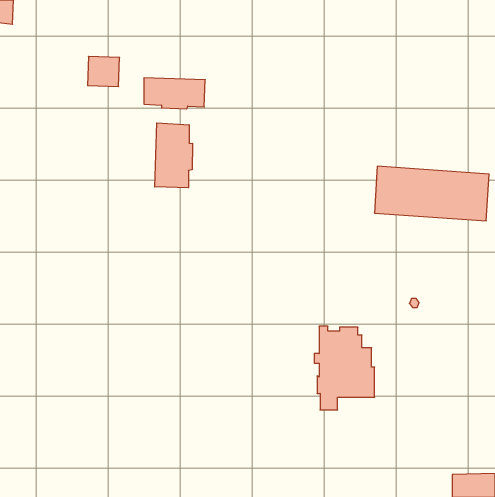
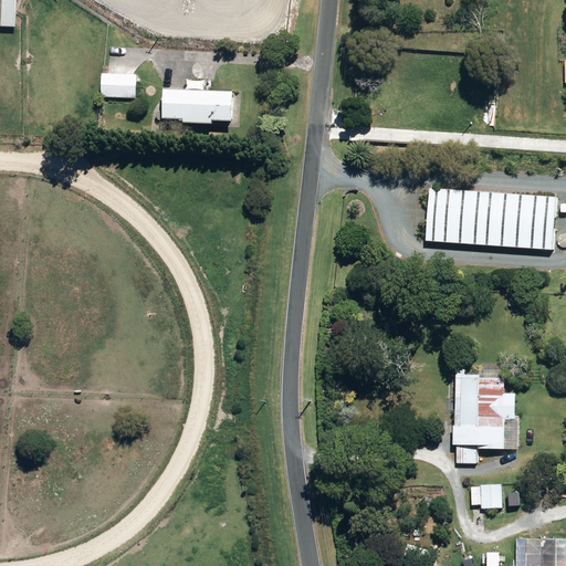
building: [155,123,193,188] -> none
building: [314,326,375,410] -> [450,369,518,464]
building: none -> [470,485,502,514]

